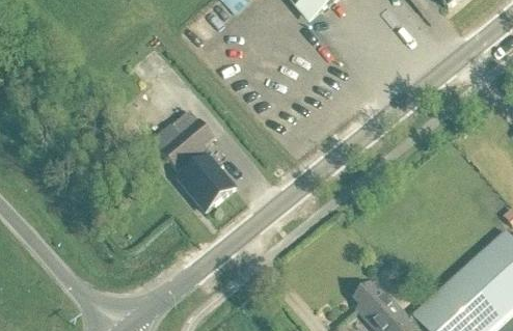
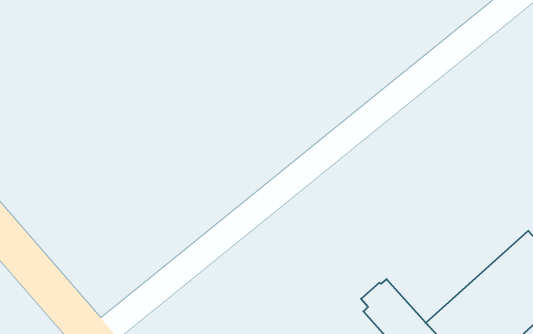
building: [161,107,234,208] -> none

